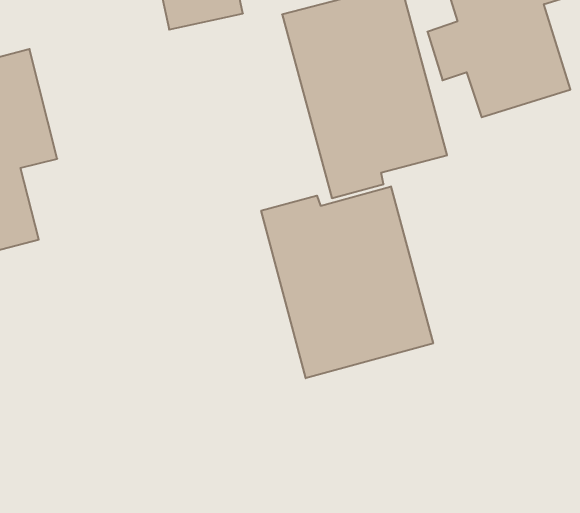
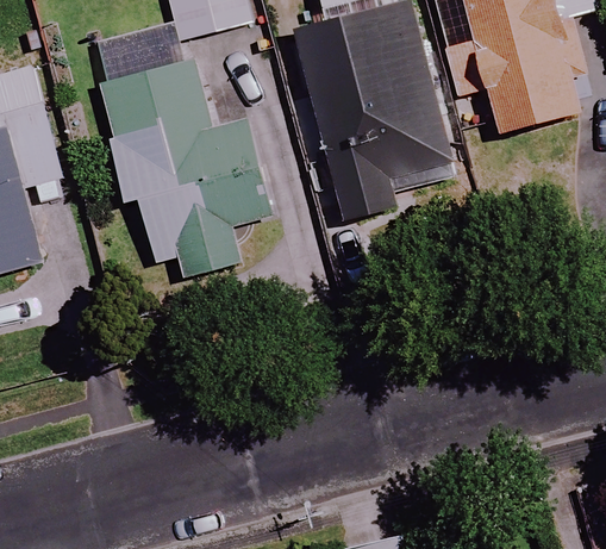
building: none -> [96,60,288,274]
building: [261,186,433,378] -> none

